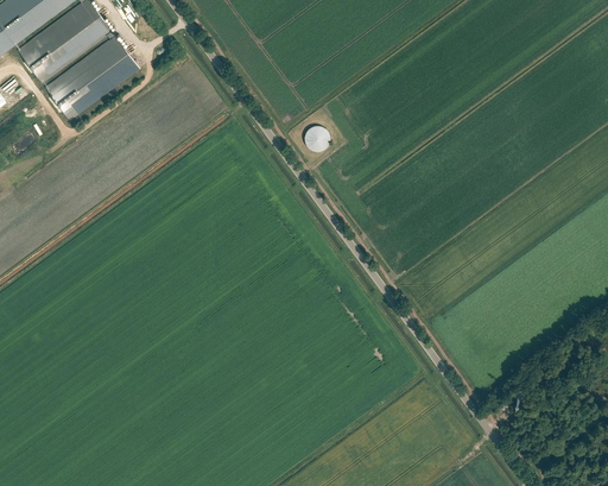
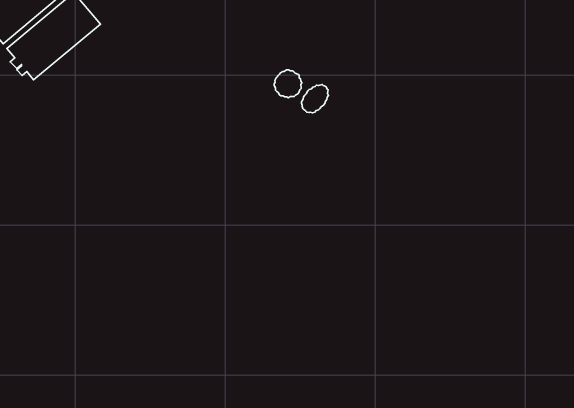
building: none -> [301,85,328,113]

